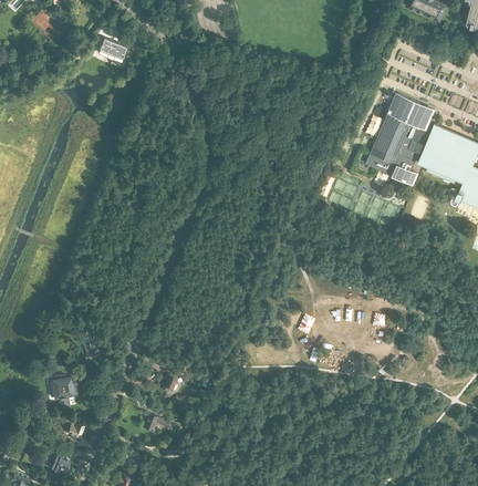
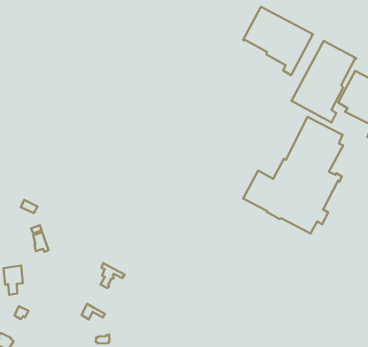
building: none -> [243,7,313,75]
building: none -> [243,117,343,234]

